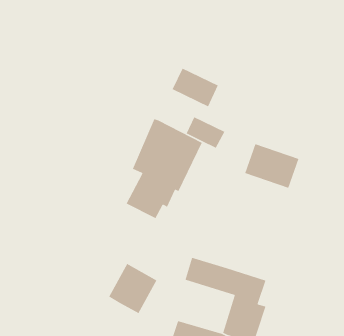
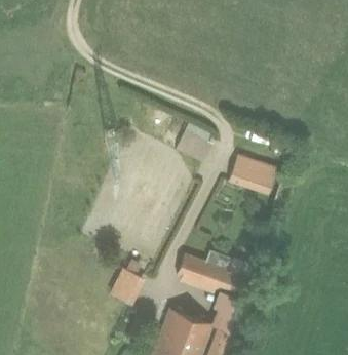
building: [171,67,219,107] -> none
building: [125,118,203,219] -> none

